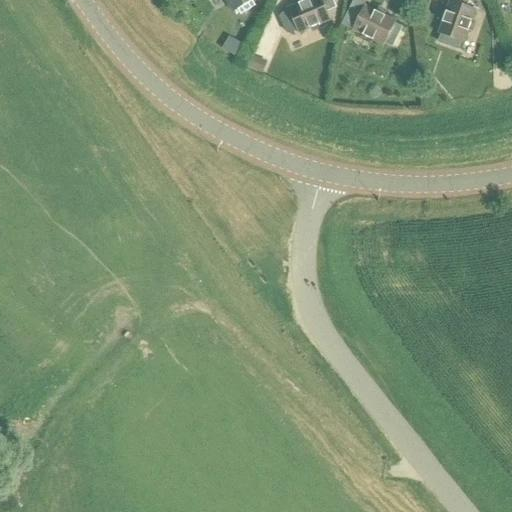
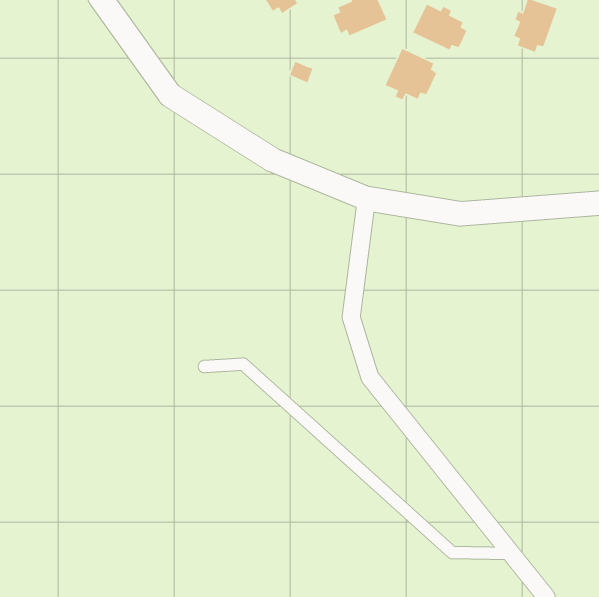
building: none -> [385,48,437,100]

